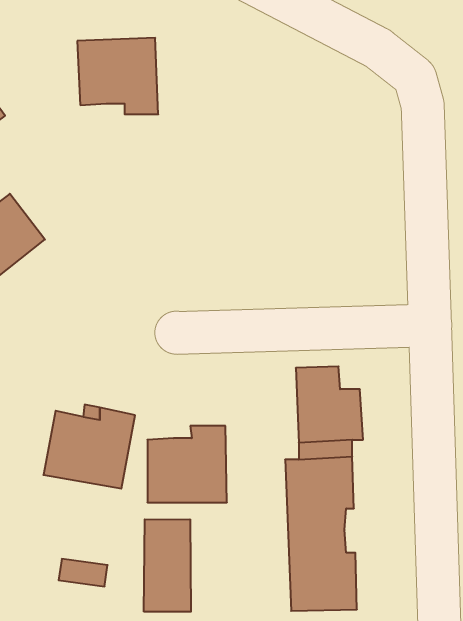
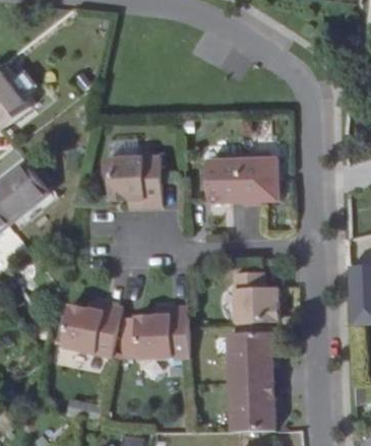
building: [77,38,158,114] -> [104,147,158,198]
building: none -> [203,150,274,202]
building: [144,519,191,612] -> none

